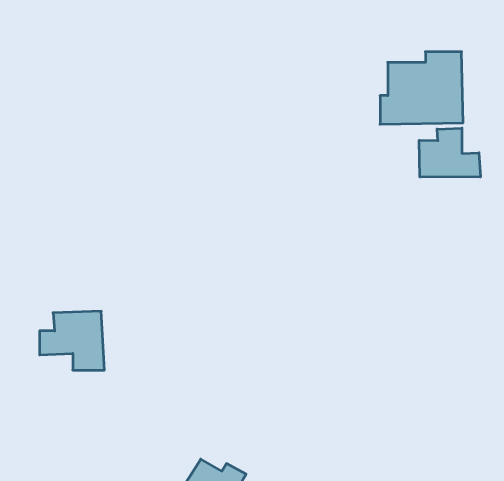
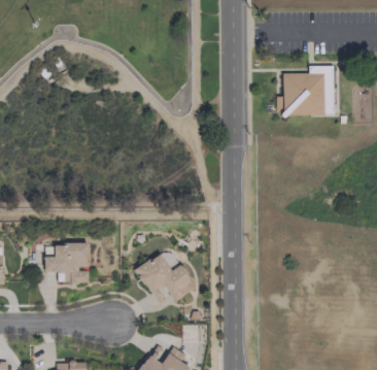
building: [419,128,480,177] -> none
building: none -> [136,248,196,304]

